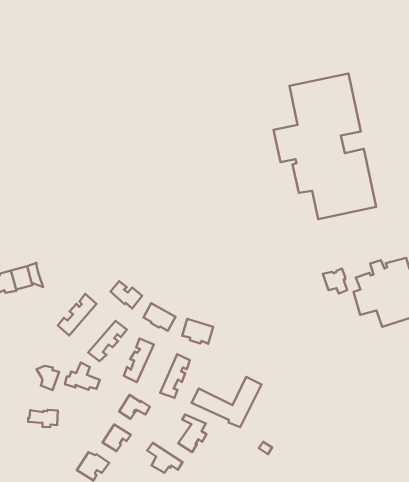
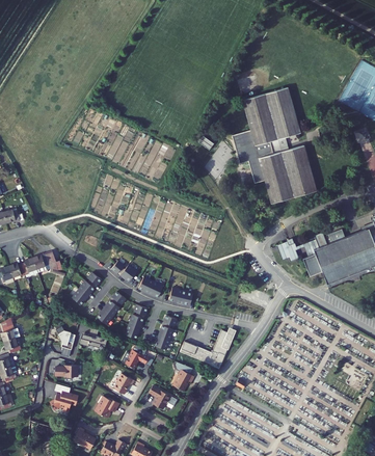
building: none -> [50,384,78,412]

